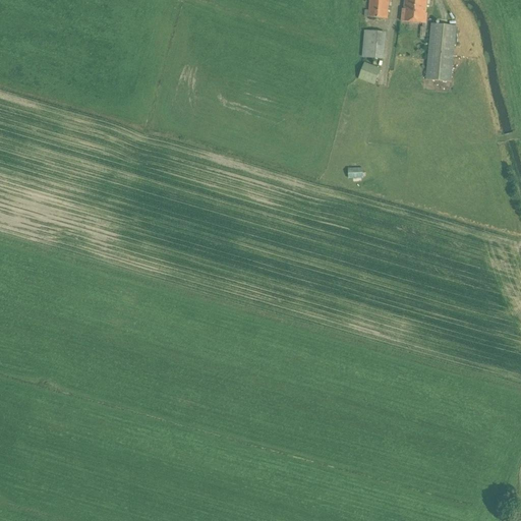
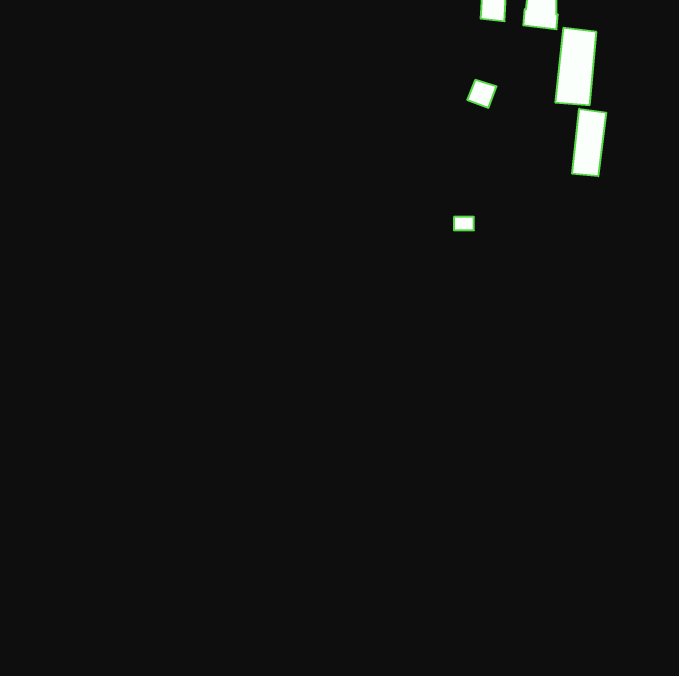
building: [360,28,385,58] -> none
building: none -> [572,109,606,176]

